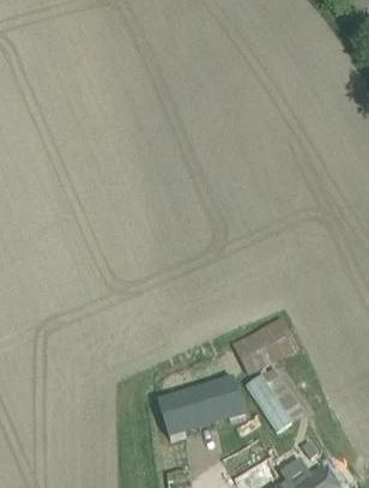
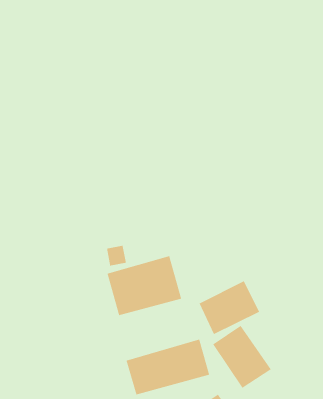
building: none -> [107,255,182,316]

